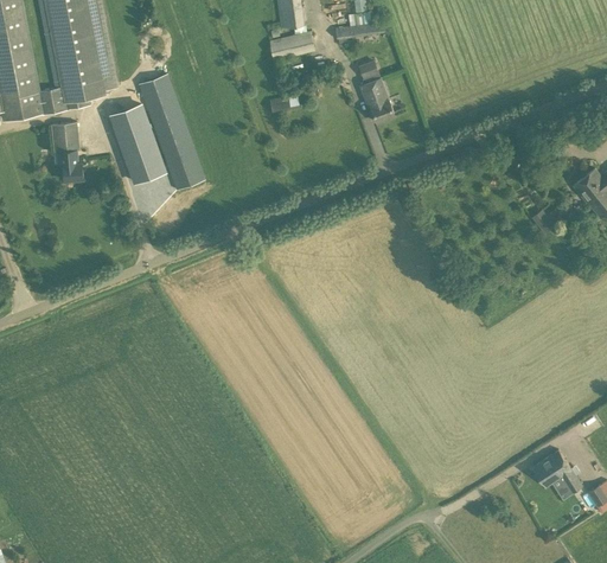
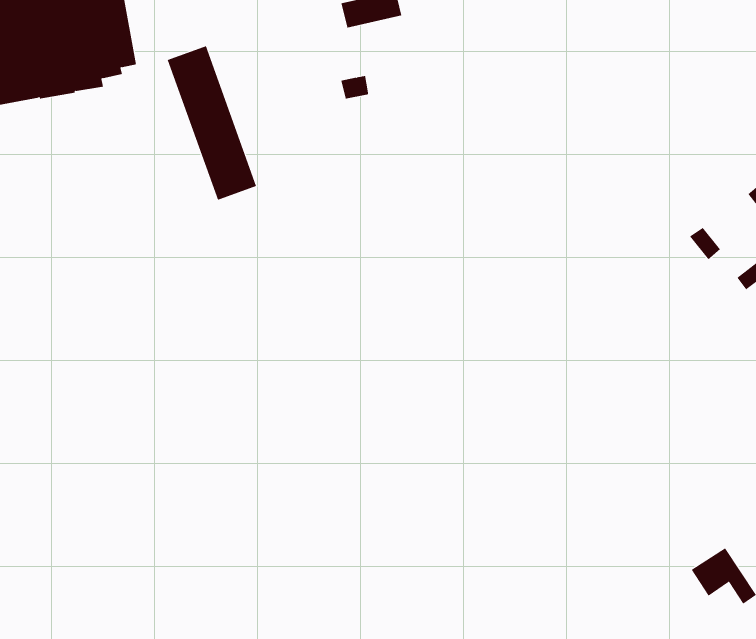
building: [357,60,394,122] -> none
building: [109,105,161,183] -> none
building: [51,122,83,180] -> none

